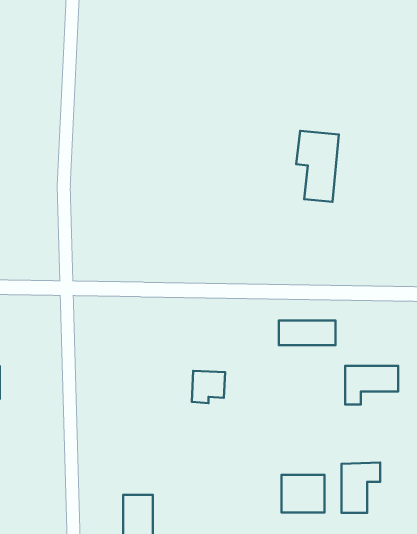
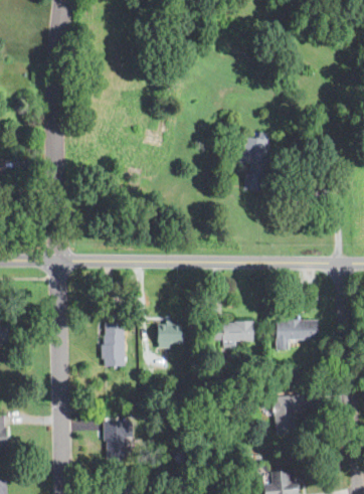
building: [279,321,335,345] -> [209,321,253,340]
building: none -> [104,323,125,365]
building: [281,475,324,512] -> none

